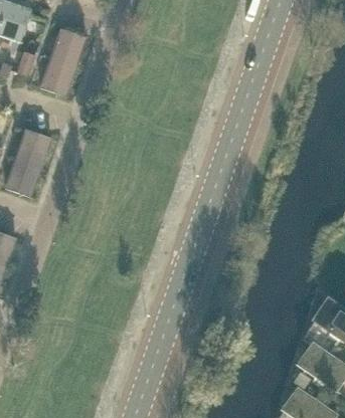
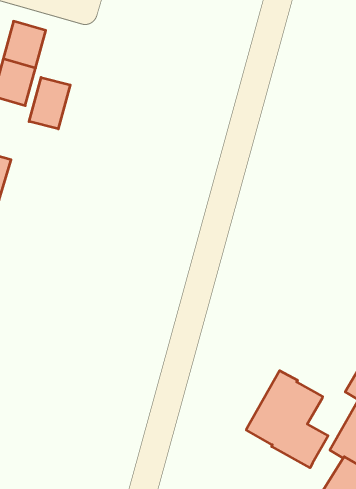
building: none -> [29,77,70,129]
building: none -> [246,371,328,468]

